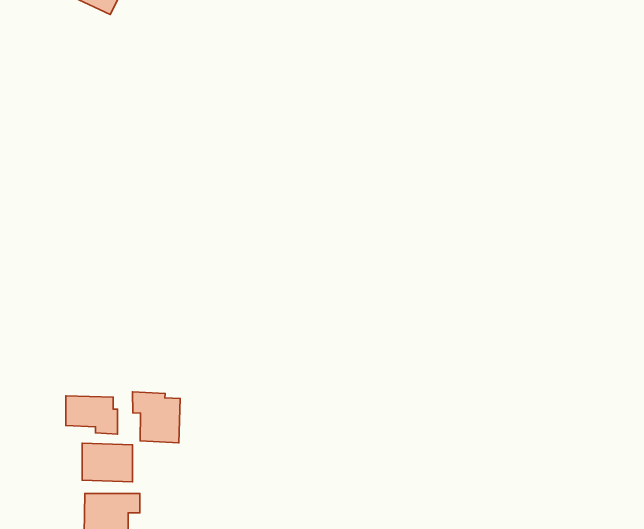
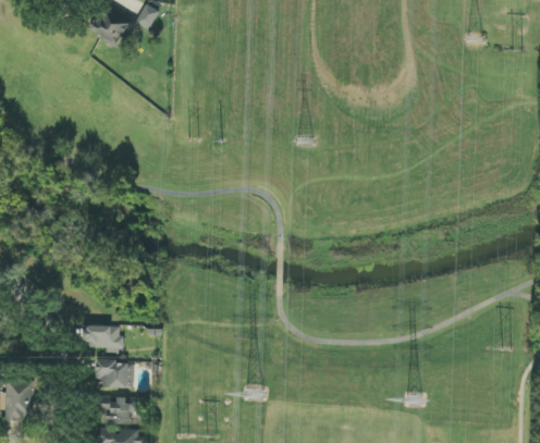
building: [132,392,180,443] -> none

